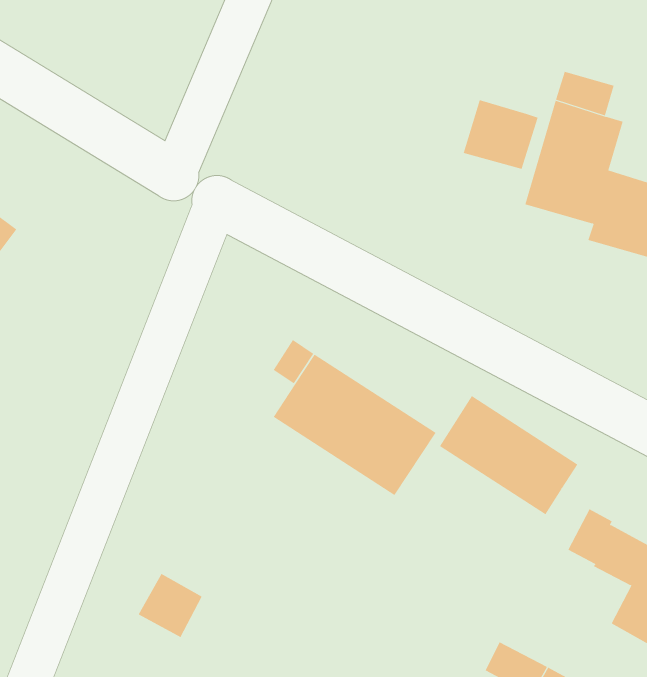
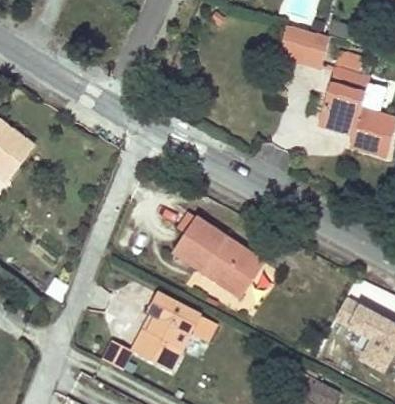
building: [463,99,538,170] -> [281,24,323,63]
building: [439,395,578,515] -> none
building: none -> [139,295,222,369]

